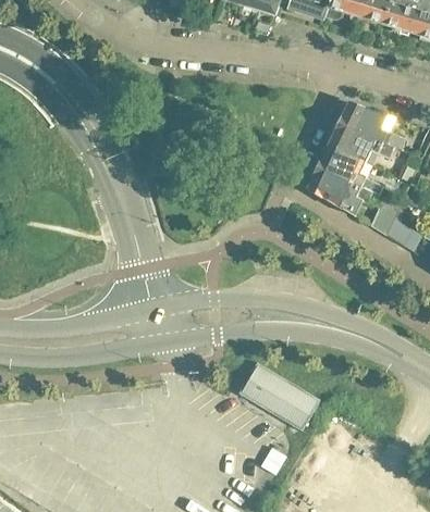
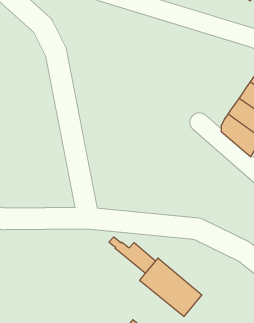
building: none -> [109,237,156,273]

